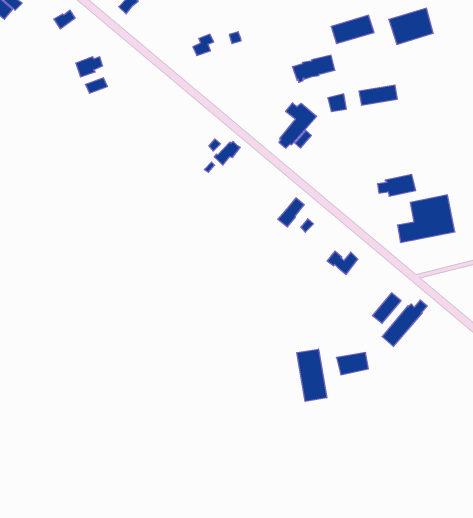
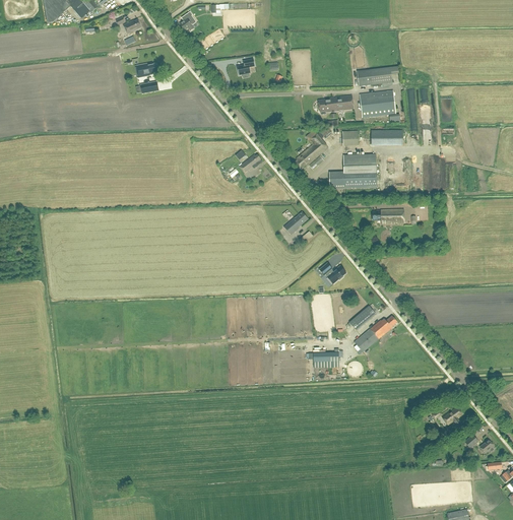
building: [389,8,433,44] -> [360,90,395,117]
building: [397,195,455,242] -> [329,154,377,188]
building: [297,349,327,401] -> none

